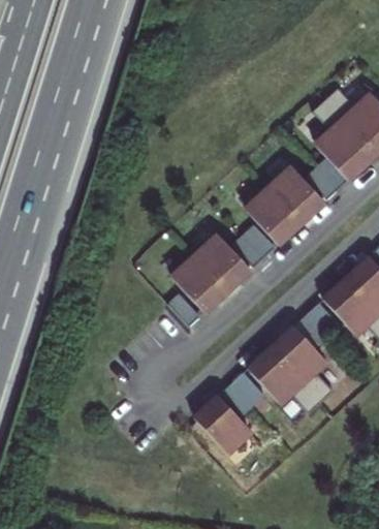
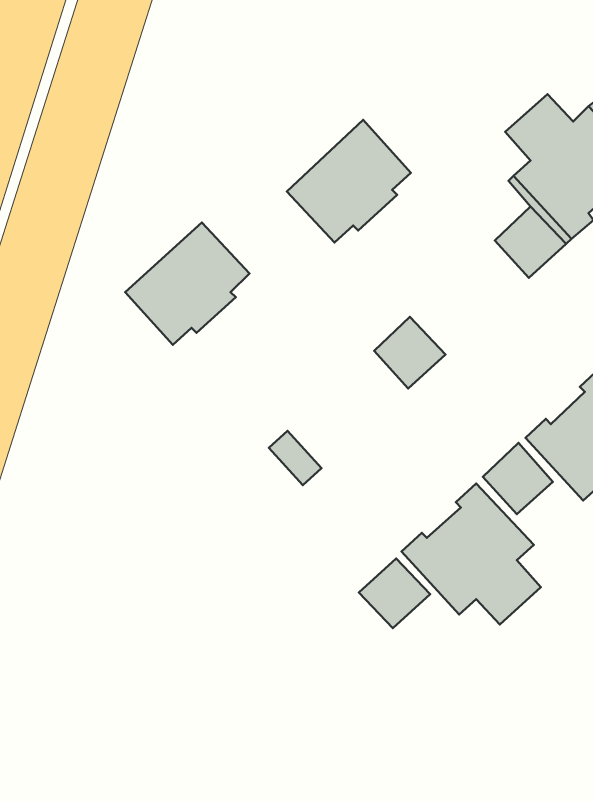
building: [245,167,320,242] -> [287,120,411,242]
building: [171,236,247,310] -> [125,222,249,345]
building: [197,394,253,455] -> none

